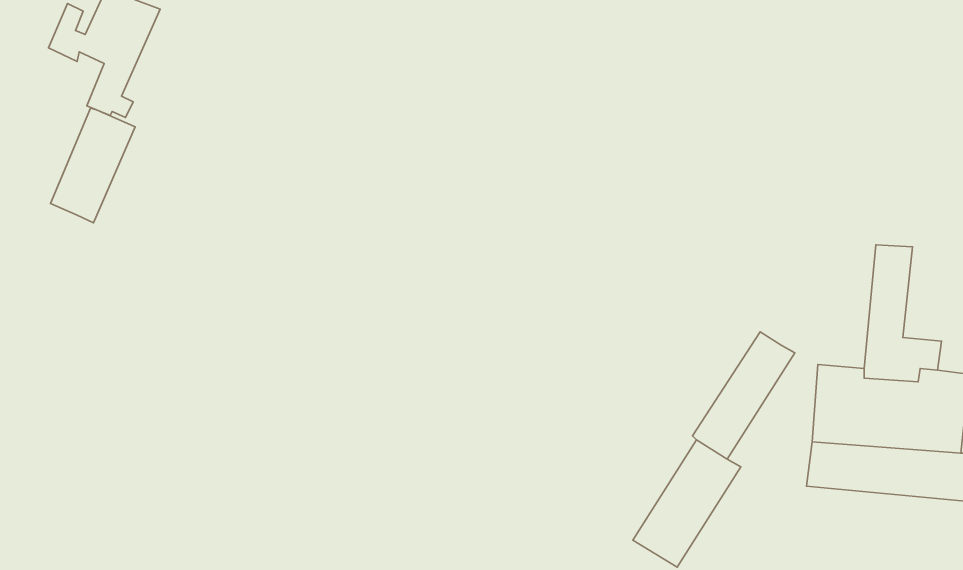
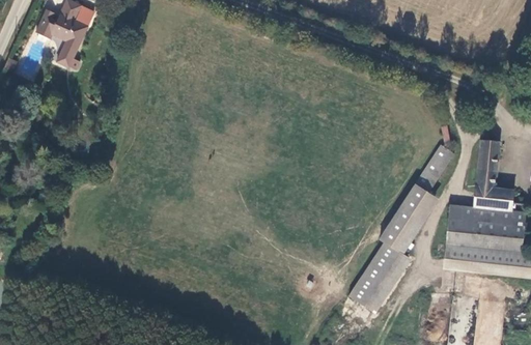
building: [51,108,135,223] -> none
building: none -> [414,144,453,192]

